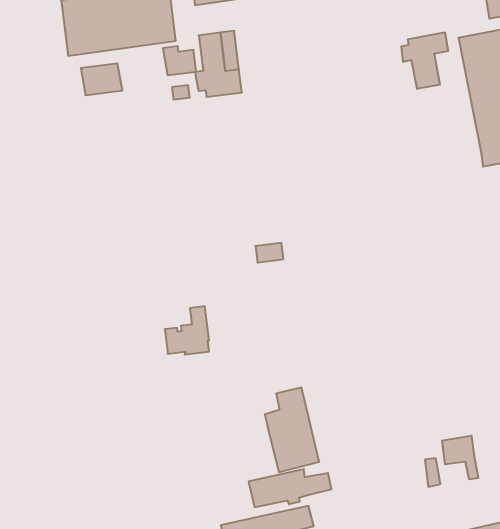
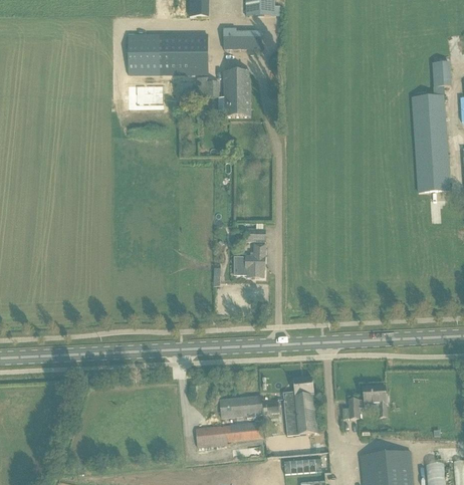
building: [402,32,448,89] -> none
building: [165,306,209,355] -> [233,244,264,277]
building: [265,388,319,472] -> [282,377,317,436]

